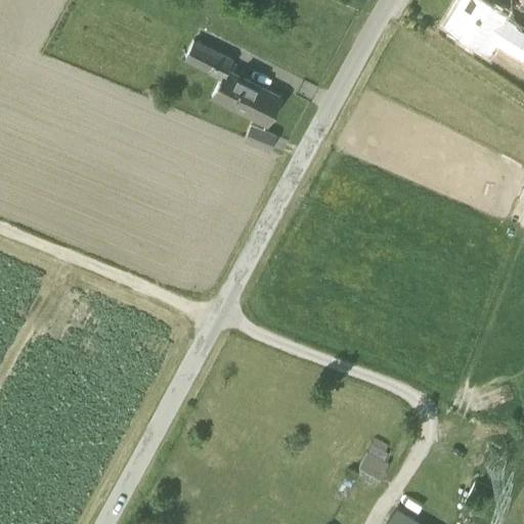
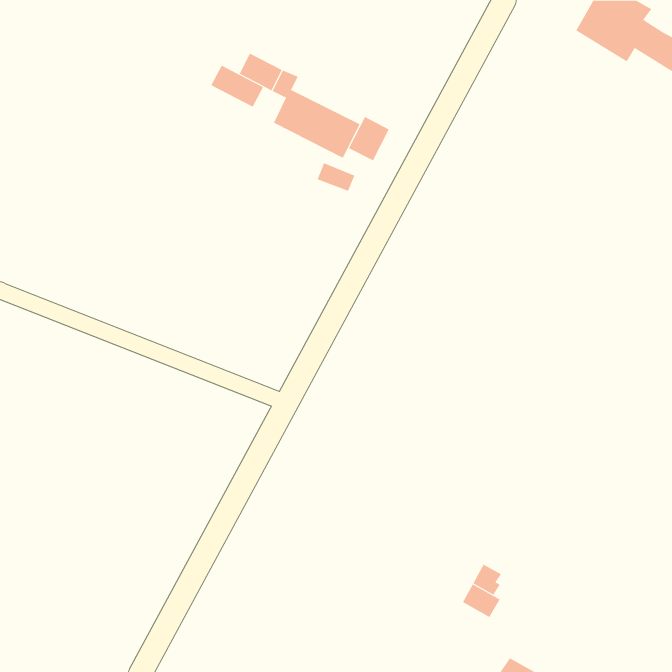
building: none -> [210,65,264,108]
building: none -> [348,116,389,161]

